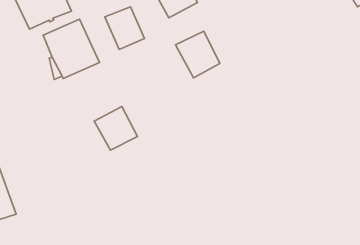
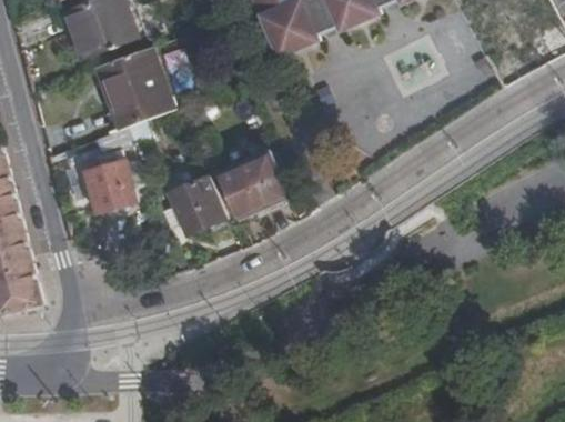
building: [105,7,145,50] -> none
building: [175,31,220,78] -> [224,151,283,214]
building: none -> [81,160,132,209]

